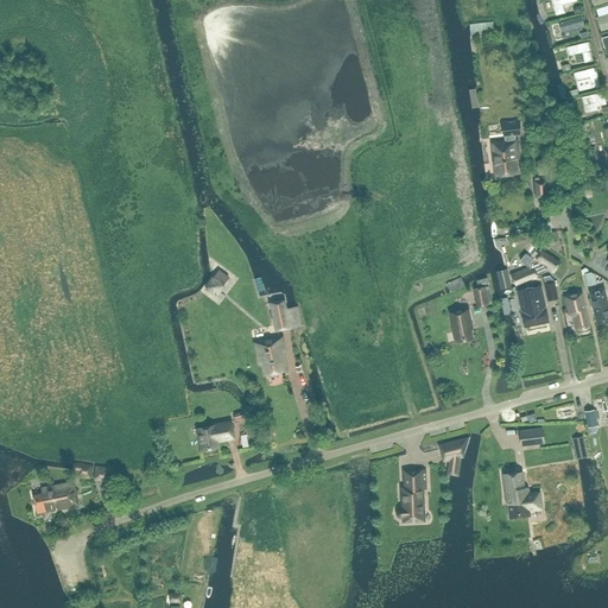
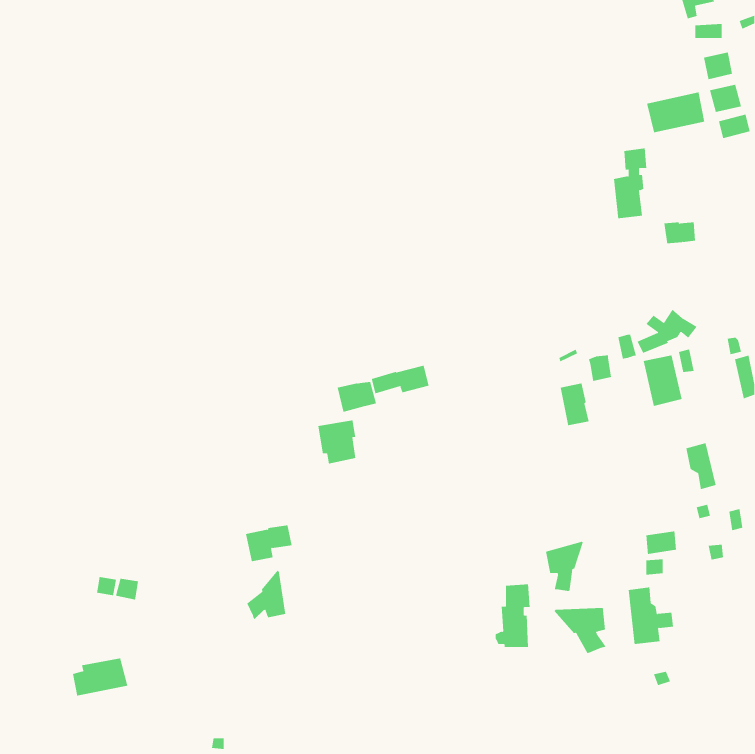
building: none -> [646,92,705,133]
building: [565,291,590,329] -> [686,442,717,490]
building: none -> [371,365,429,394]
building: none -> [246,570,286,620]
building: [34,481,80,512] -> [72,658,128,696]
building: none -> [554,607,606,654]

